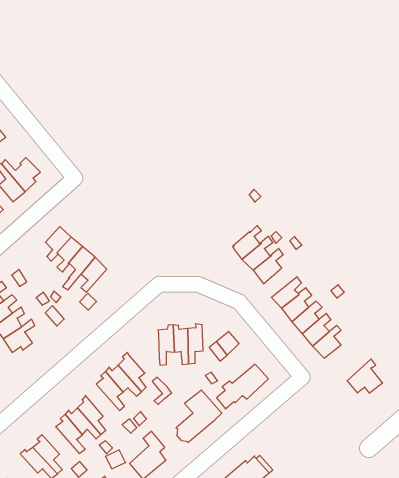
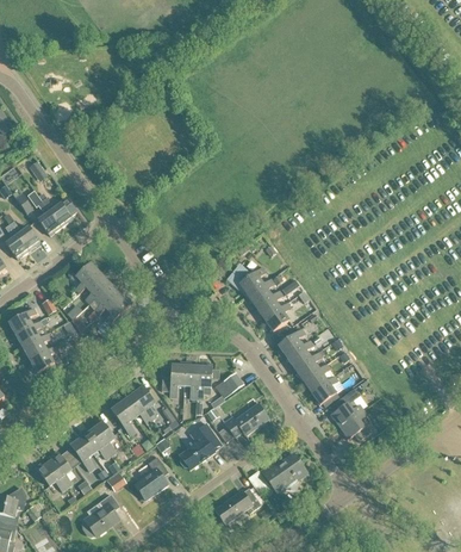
building: none -> [226,261,266,294]
building: none -> [331,389,363,427]
building: none -> [261,454,307,494]

